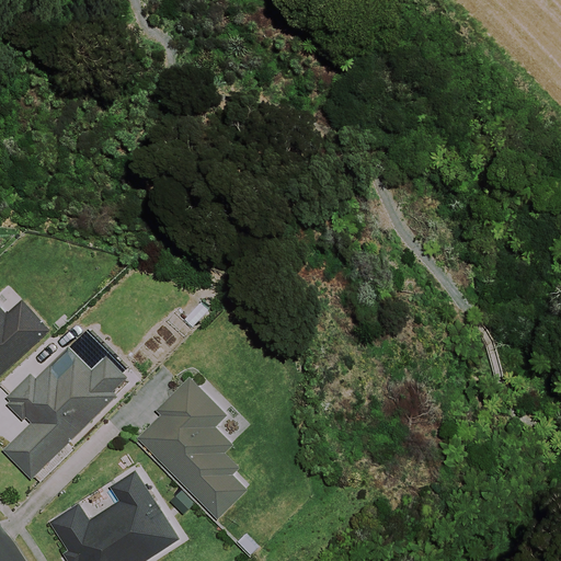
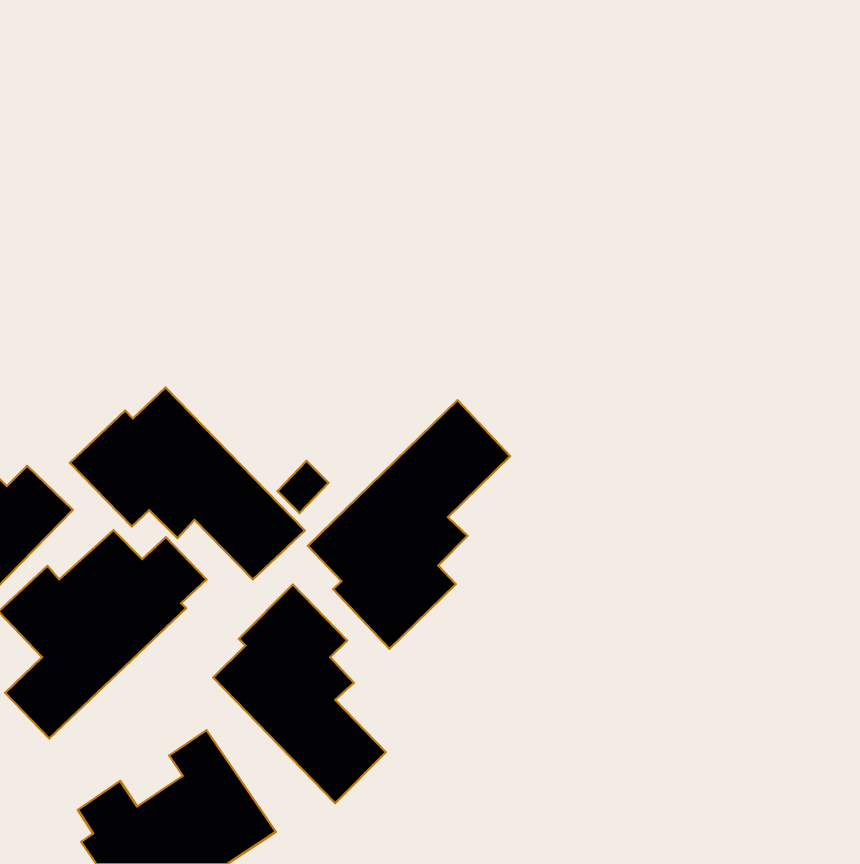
building: none -> [70,387,305,580]
building: none -> [308,400,510,649]

